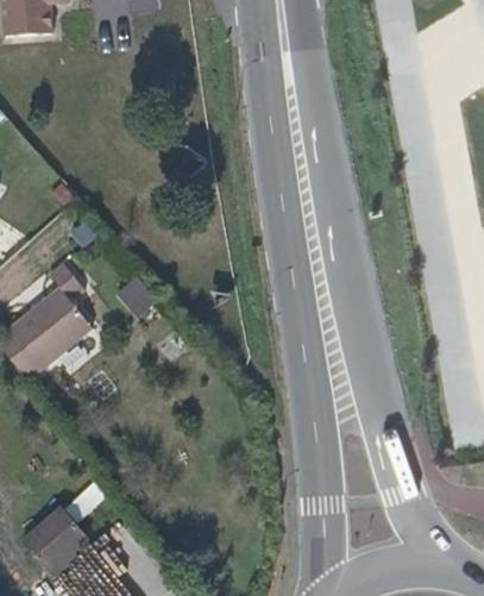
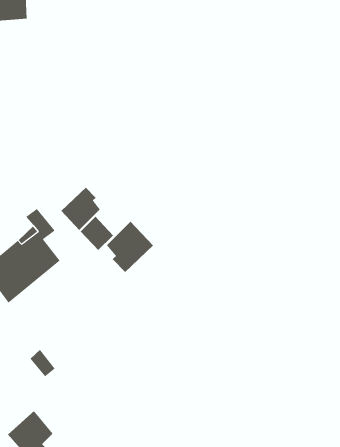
building: none -> [60,187,101,231]
building: none -> [106,221,154,273]

